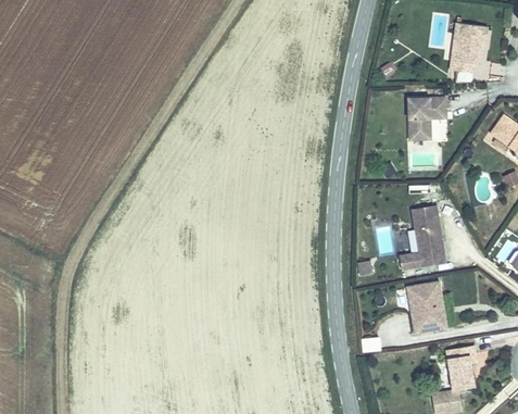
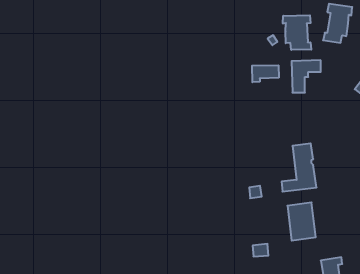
building: none -> [283,15,311,50]
building: none -> [252,65,279,82]

